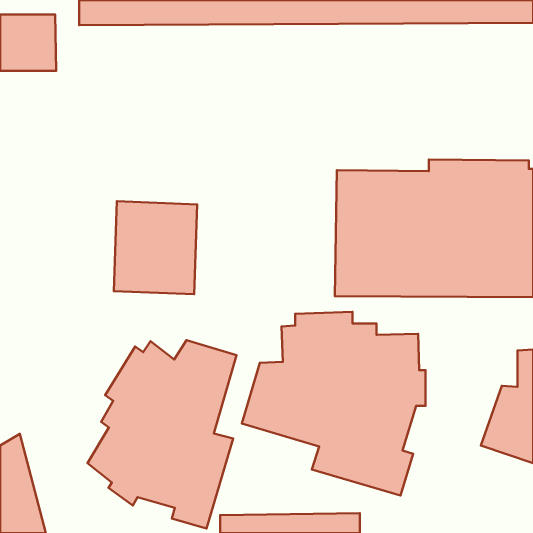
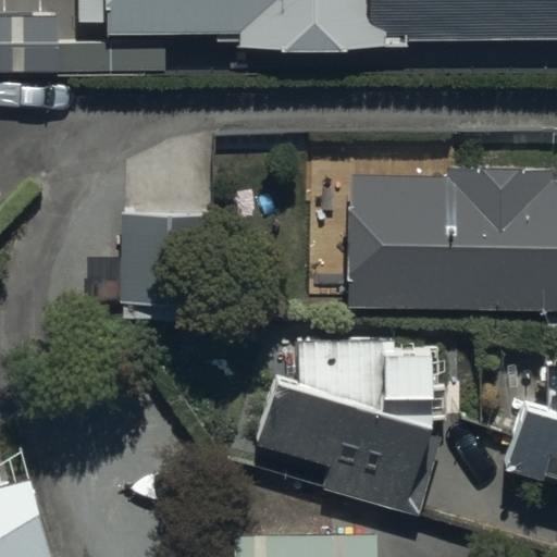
building: [87,340,237,529] -> none

